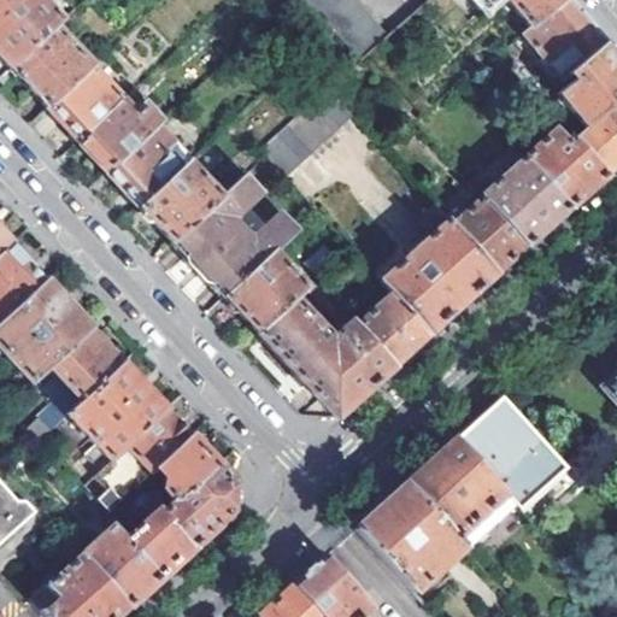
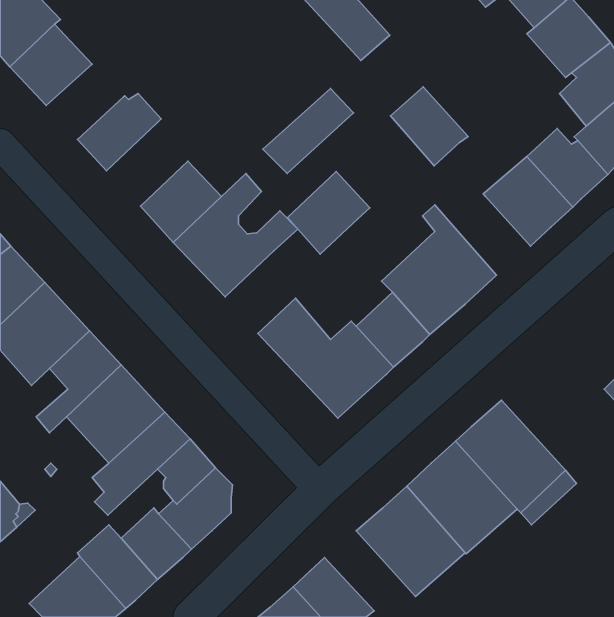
building: [51,64,128,139] -> none
building: [111,122,186,205] -> none
building: [456,195,533,274] -> [391,87,468,166]
building: [229,249,311,331] -> [288,172,370,254]

